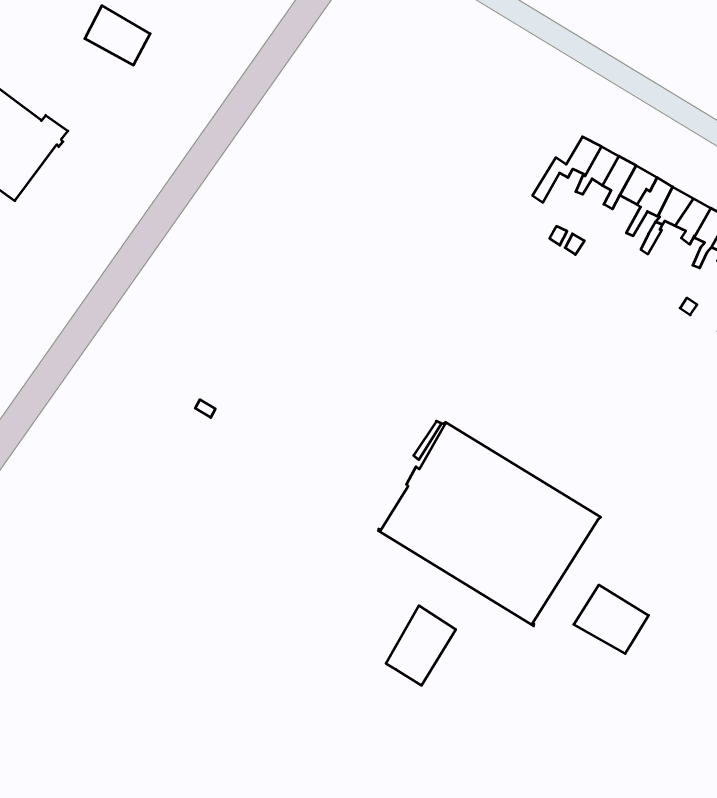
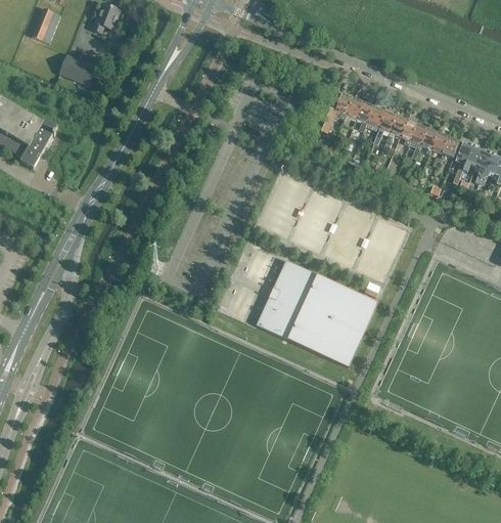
building: [574,585,649,654] -> none
building: [386,606,456,685] -> none

